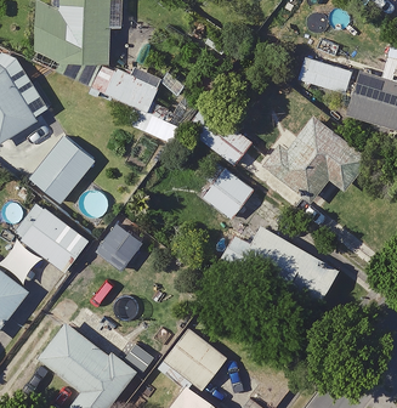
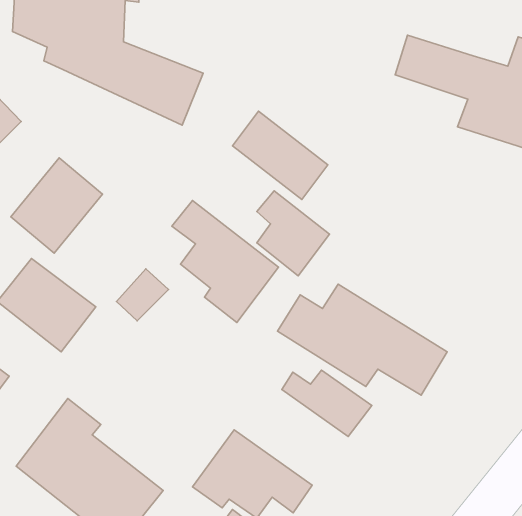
building: [262,117,370,203] -> none
building: none -> [172,201,279,322]
building: none -> [282,370,372,437]

